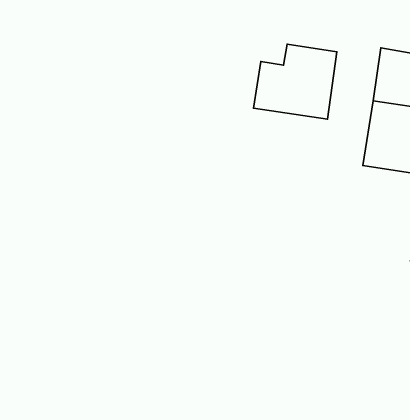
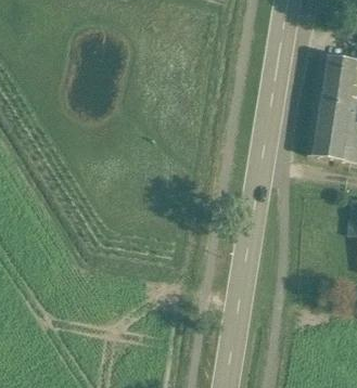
building: [253,44,337,119] -> none

